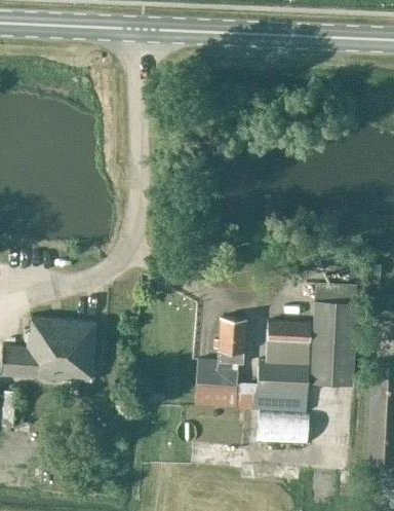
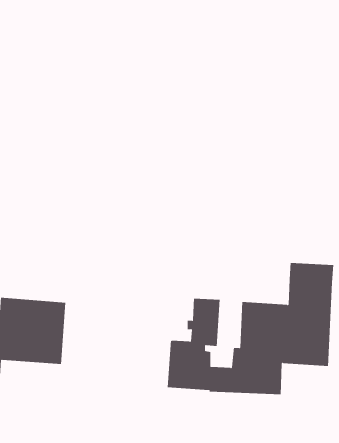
building: [258,412,309,444] -> none

